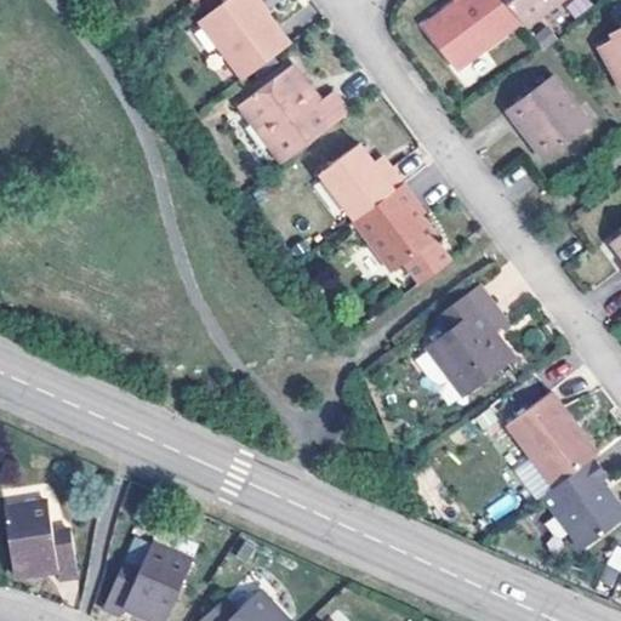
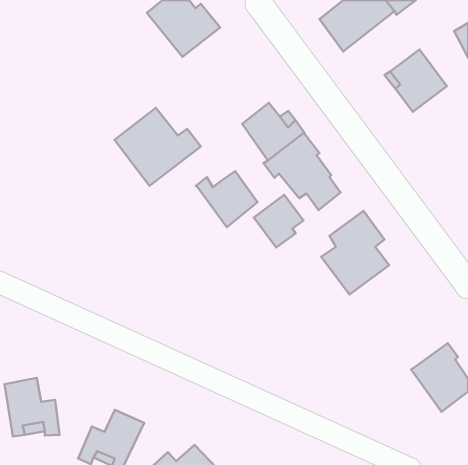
building: [234,62,348,165] -> [115,108,201,186]
building: none -> [196,171,257,227]
building: none -> [254,195,304,248]
building: [506,393,592,488] -> none

